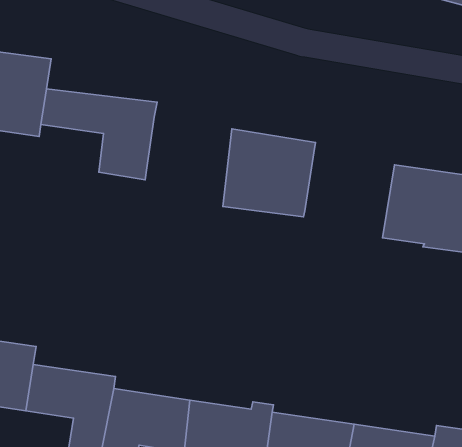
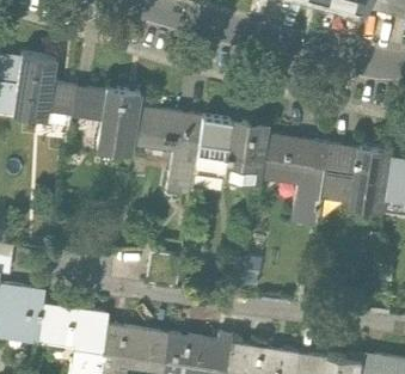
building: none -> [134,105,202,197]
building: none -> [260,134,332,228]

